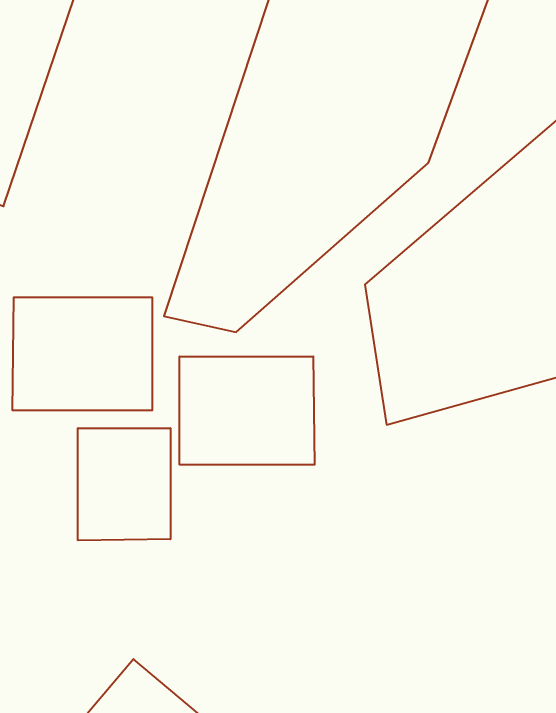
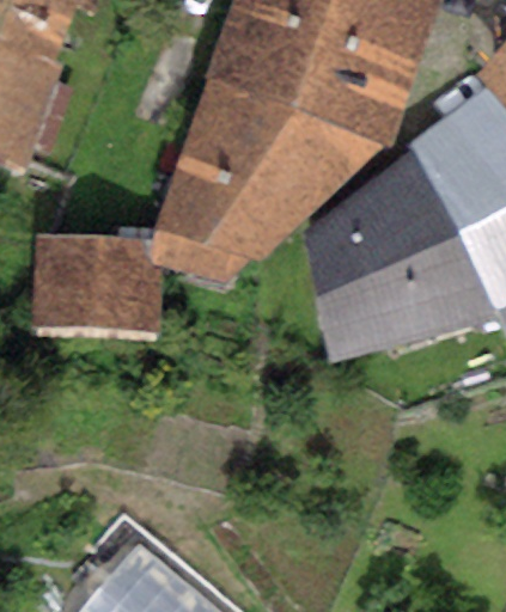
building: [180,356,315,465] -> none
building: [78,428,170,540] -> none

